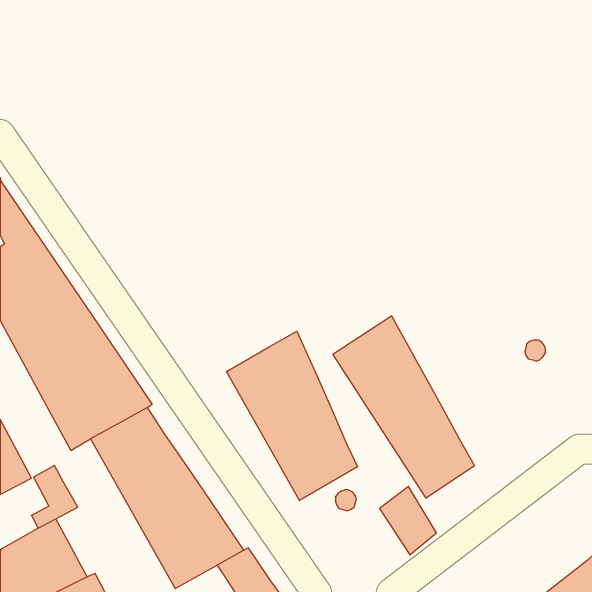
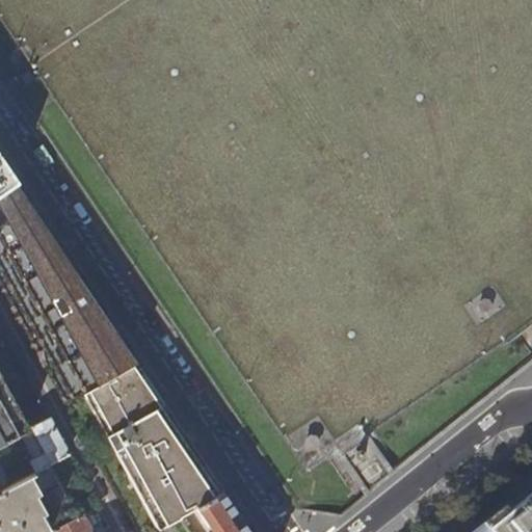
building: [333,316,475,498] -> none
building: [226,331,358,501] -> none

